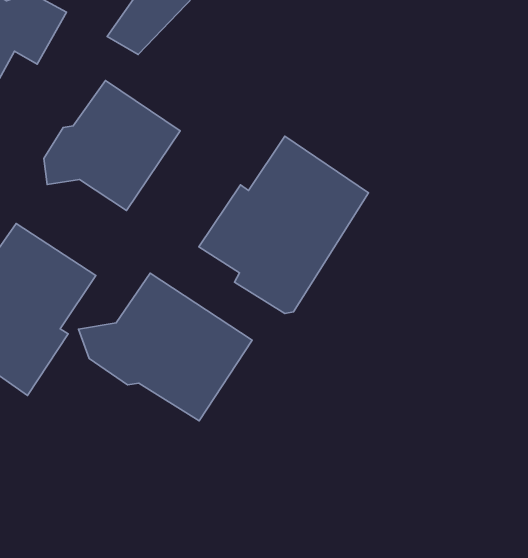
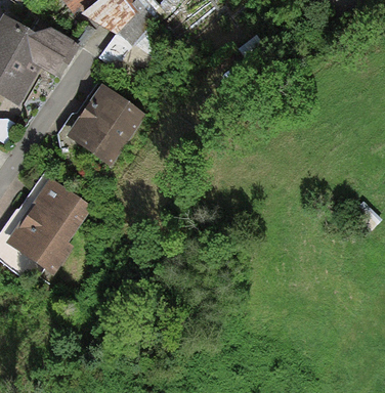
building: [199,136,368,313] -> none
building: [78,273,252,421] -> none

